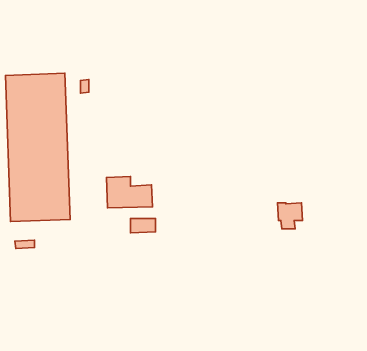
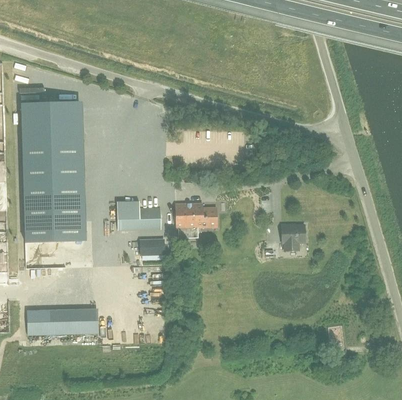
building: none -> [175,203,217,228]
building: none -> [29,301,102,336]

